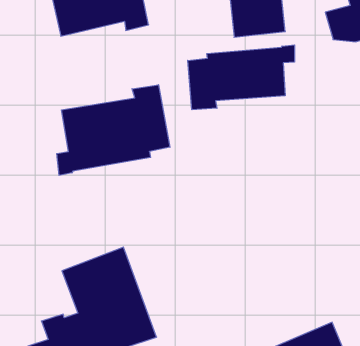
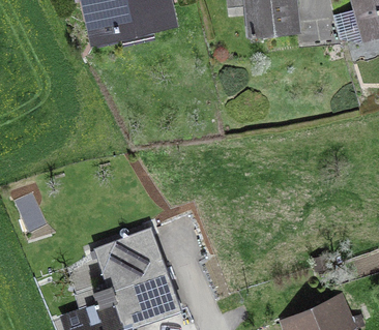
building: [188,45,294,110] -> none
building: [57,85,170,175] -> none

